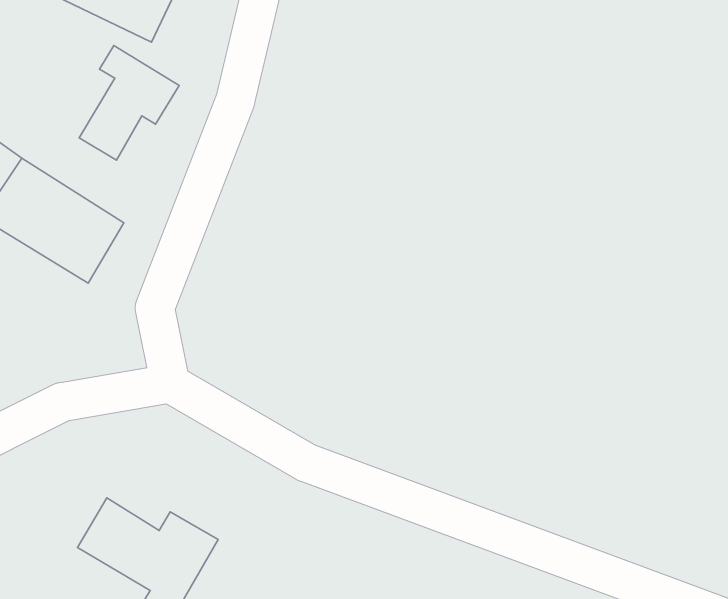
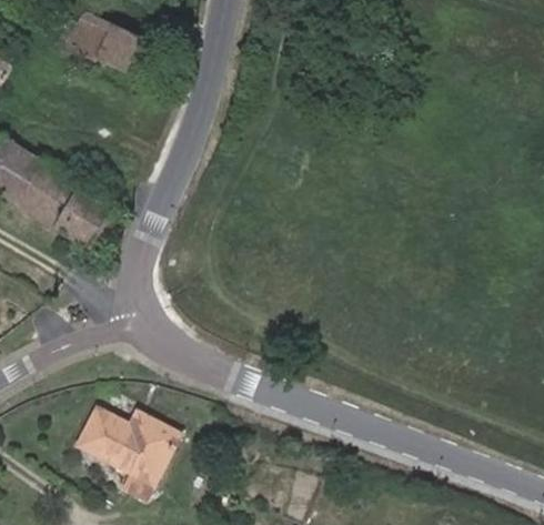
building: [79,45,179,160] -> none

